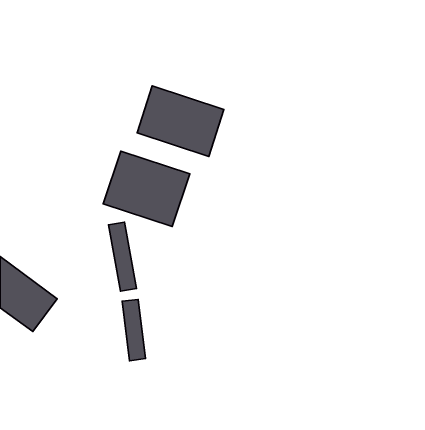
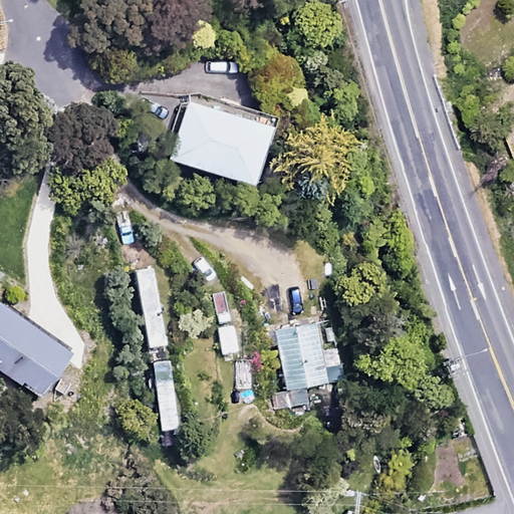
building: [103,151,190,226] -> none
building: none -> [273,322,343,390]

